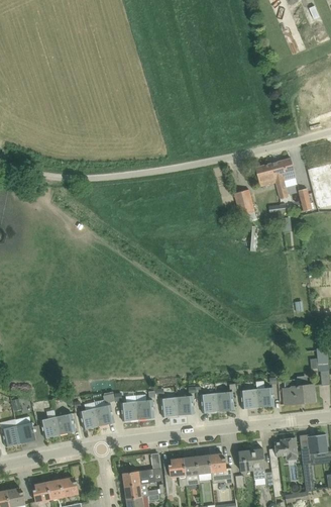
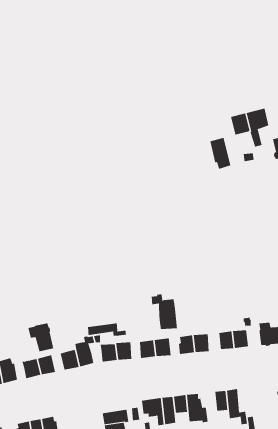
building: none -> [151,294,178,330]
building: none -> [28,322,54,352]
building: none -> [87,322,127,337]
building: [274,438,297,461] -> none

